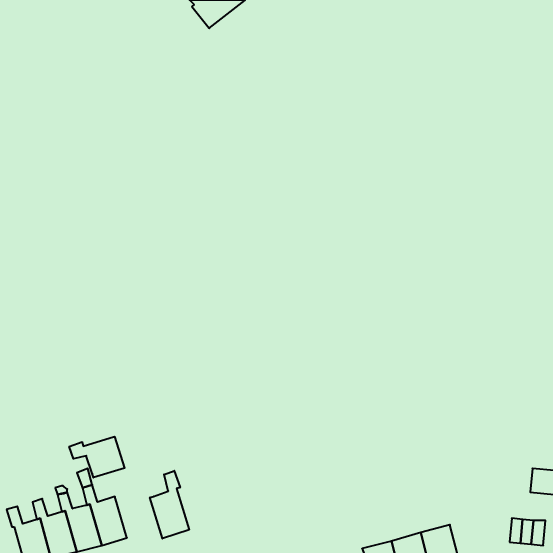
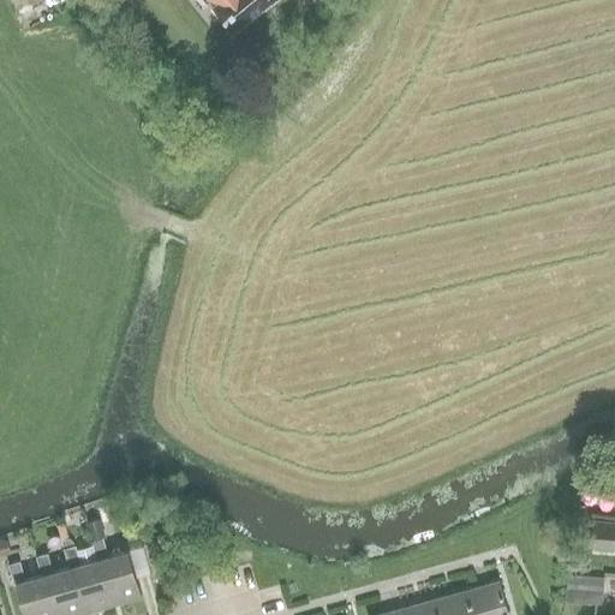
building: [69,437,125,478] -> none
building: [150,471,189,539] -> none

